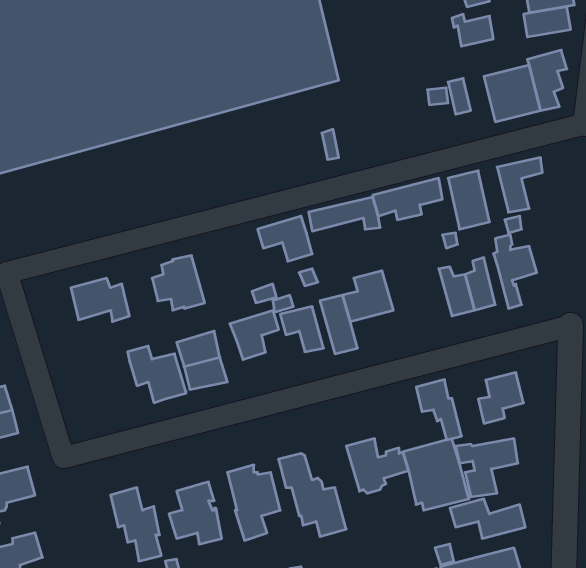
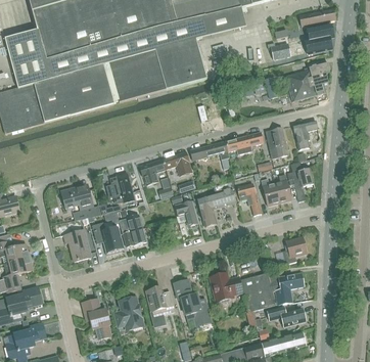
building: [230,311,279,360] -> [139,159,166,185]
building: none -> [63,229,91,261]
building: [416,380,462,440] -> [237,182,262,215]

